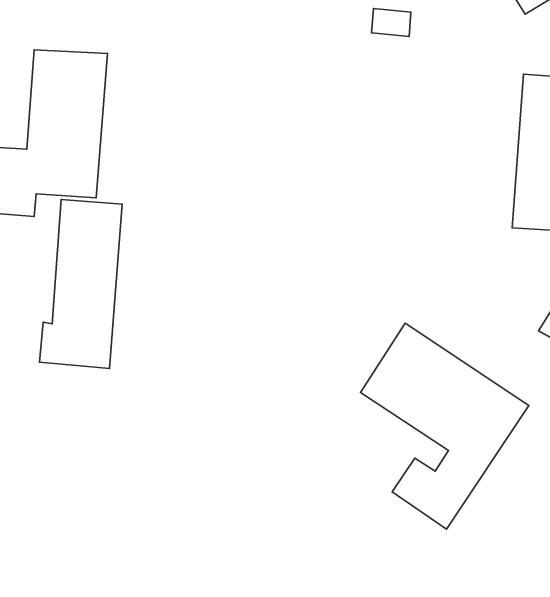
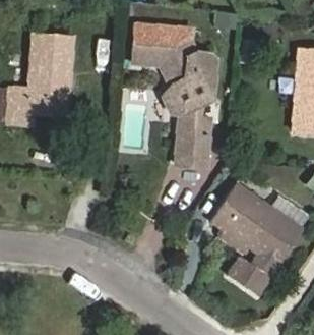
building: none -> [134,25,215,165]
building: [39,199,122,368] -> none

